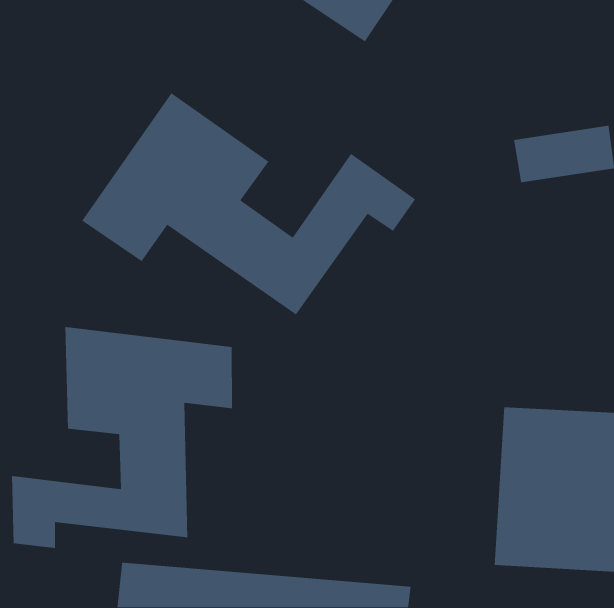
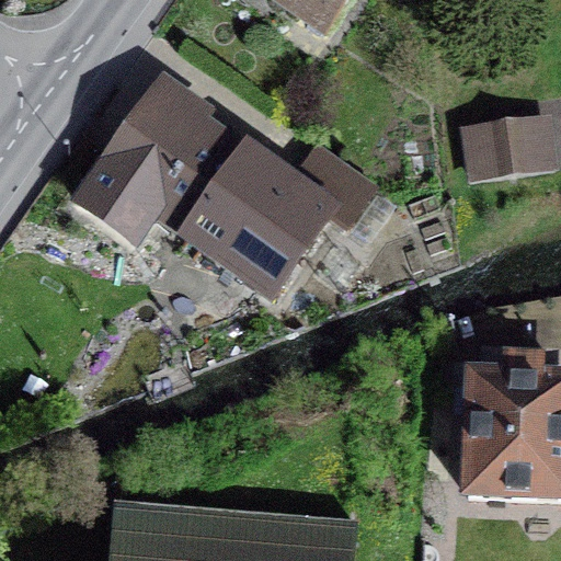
building: [11,326,233,549] -> none

